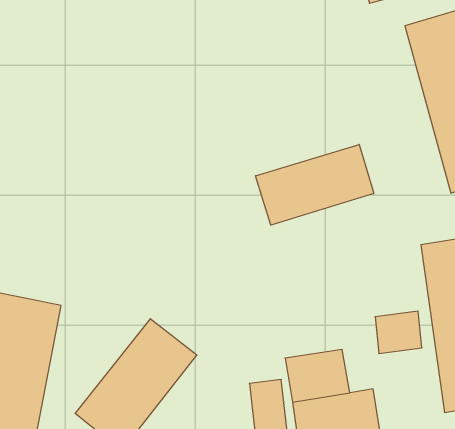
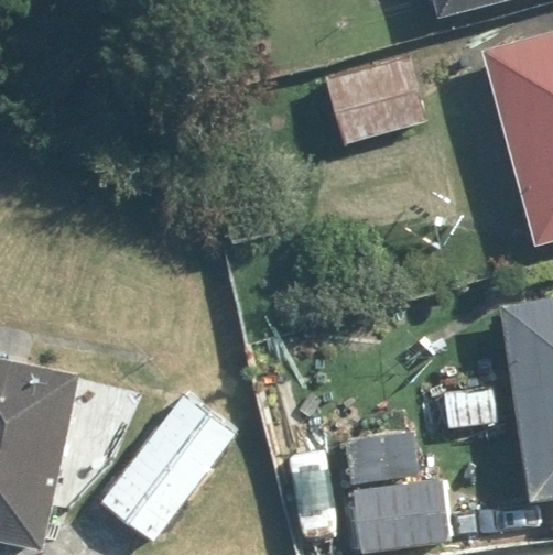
building: none -> [321,51,432,145]
building: [255,144,374,225] -> none

